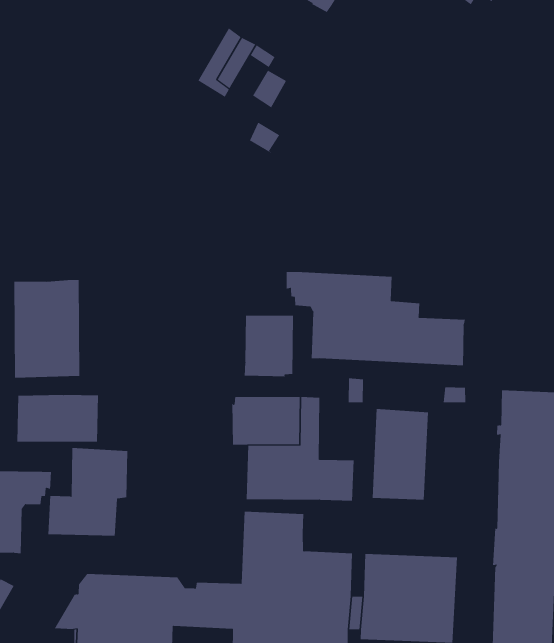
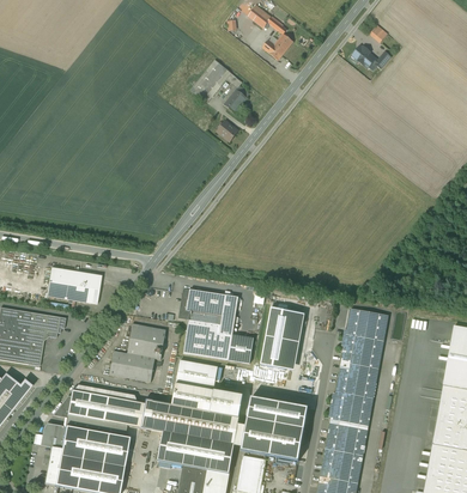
building: [286,271,465,366] -> none
building: [14,279,80,378] -> none
building: [244,315,294,377] -> none
building: [48,448,128,536] -> [109,323,166,382]

